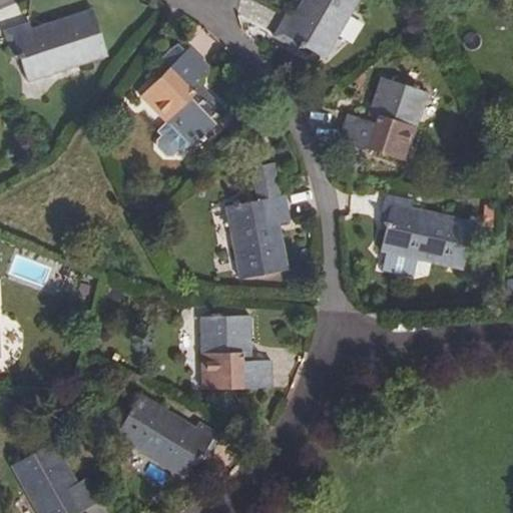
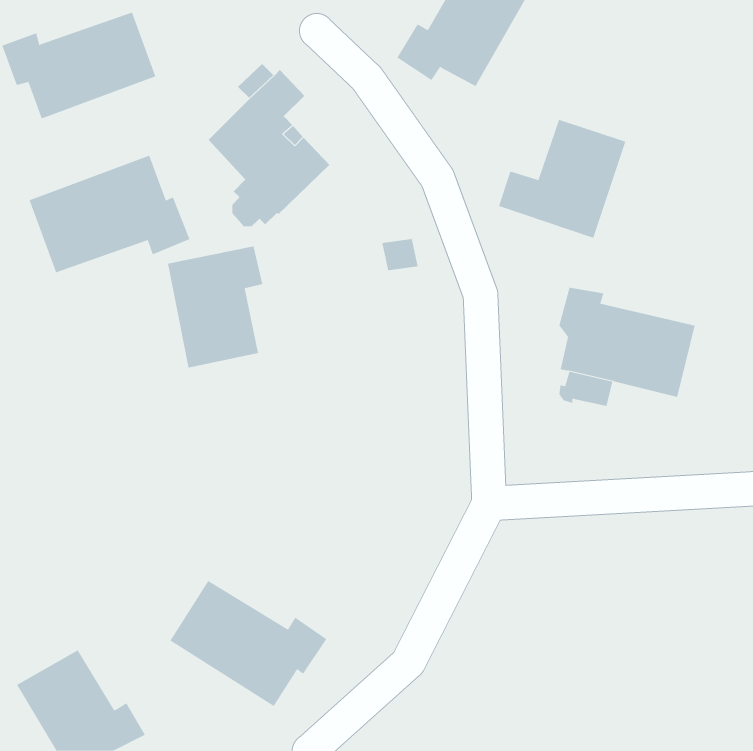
building: none -> [29,155,190,273]
building: [227,194,293,278] -> [167,246,263,368]
building: [200,317,273,389] -> none

